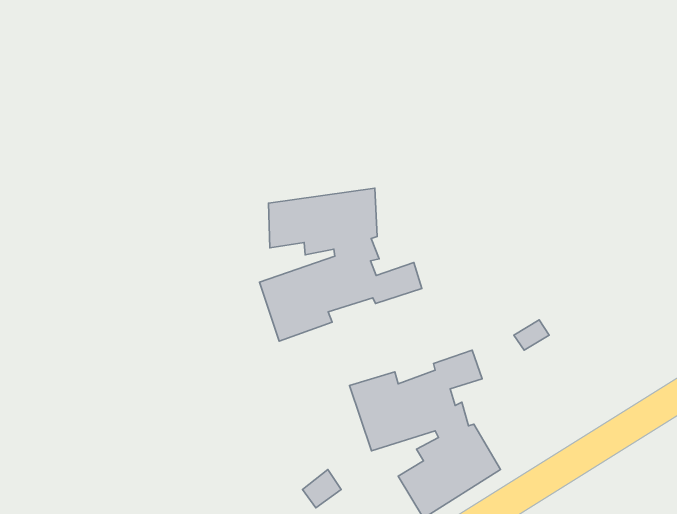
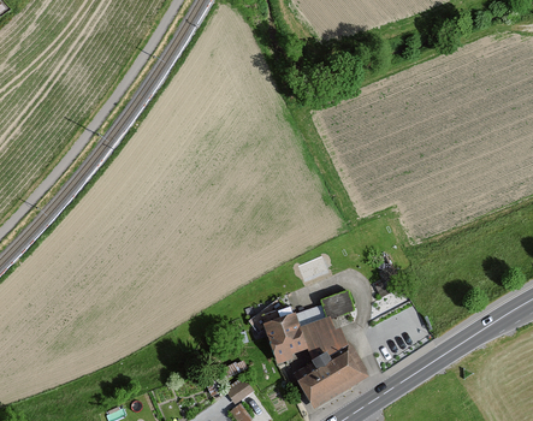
building: [259,188,422,341] -> none

